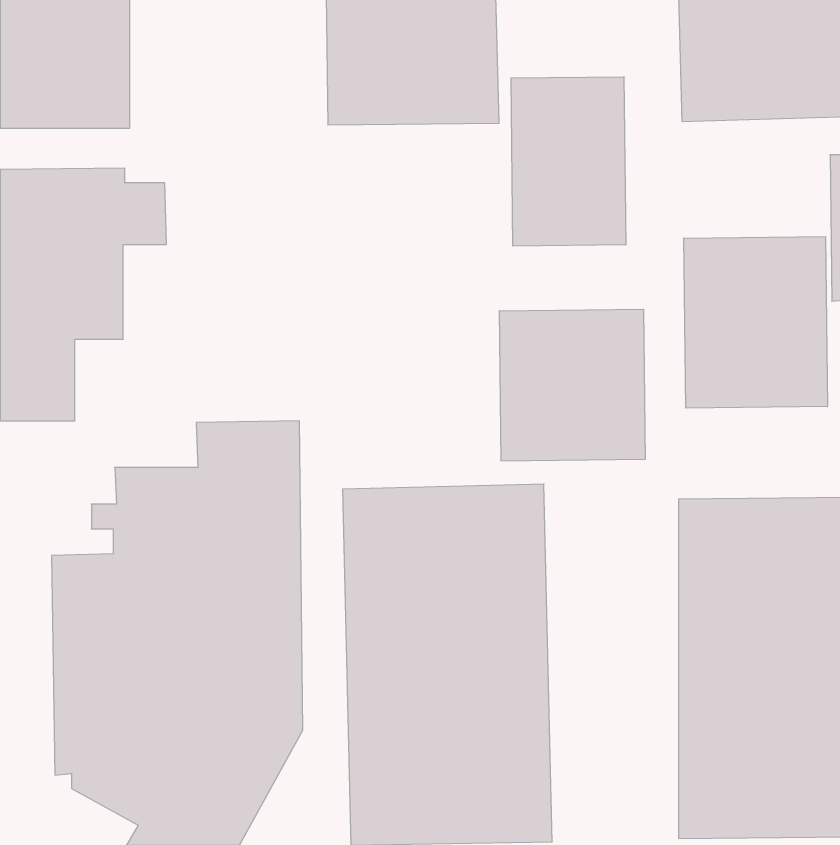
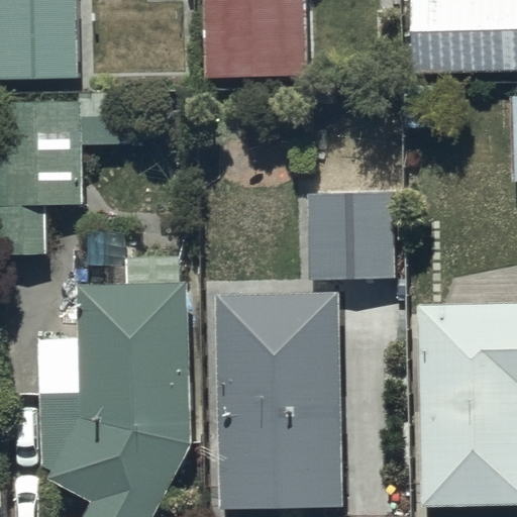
building: [511,77,626,246] -> none
building: [684,237,827,408] -> none

